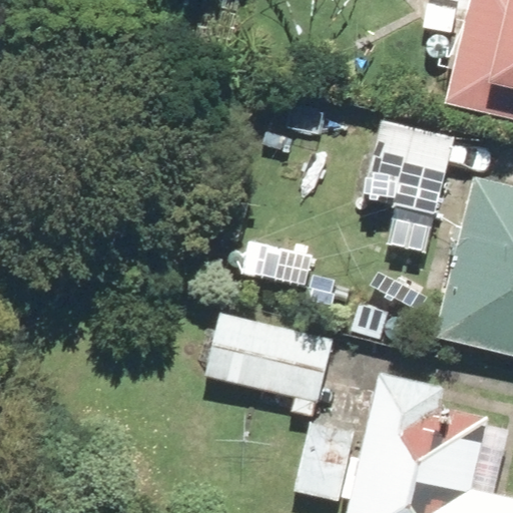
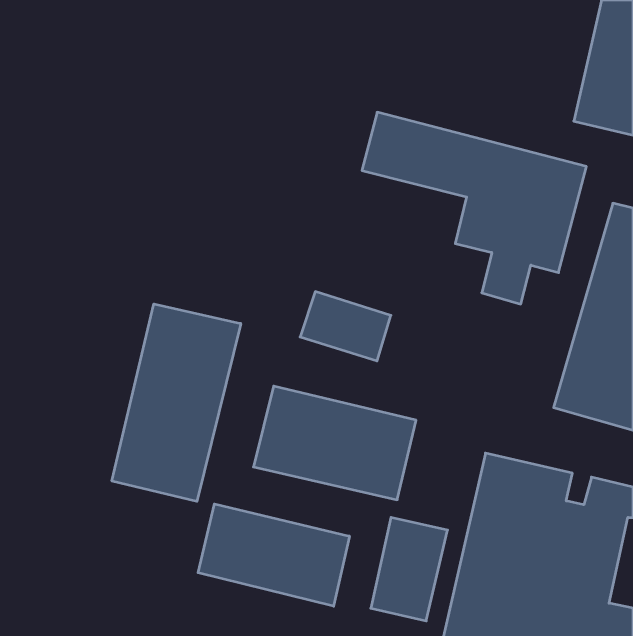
building: none -> [112,304,241,501]
building: none -> [198,504,349,606]

